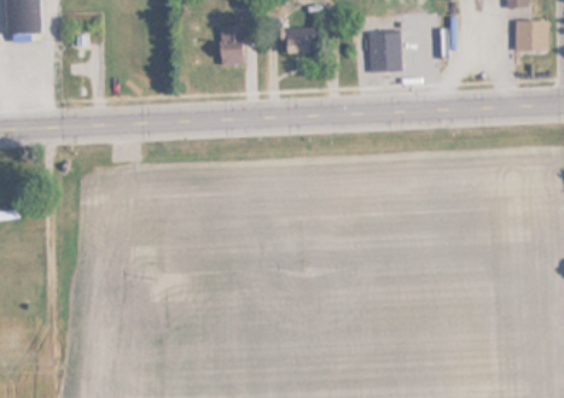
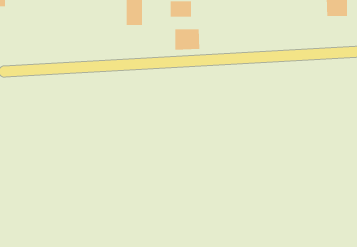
building: [368,33,401,71] -> none
building: none -> [174,29,200,50]

